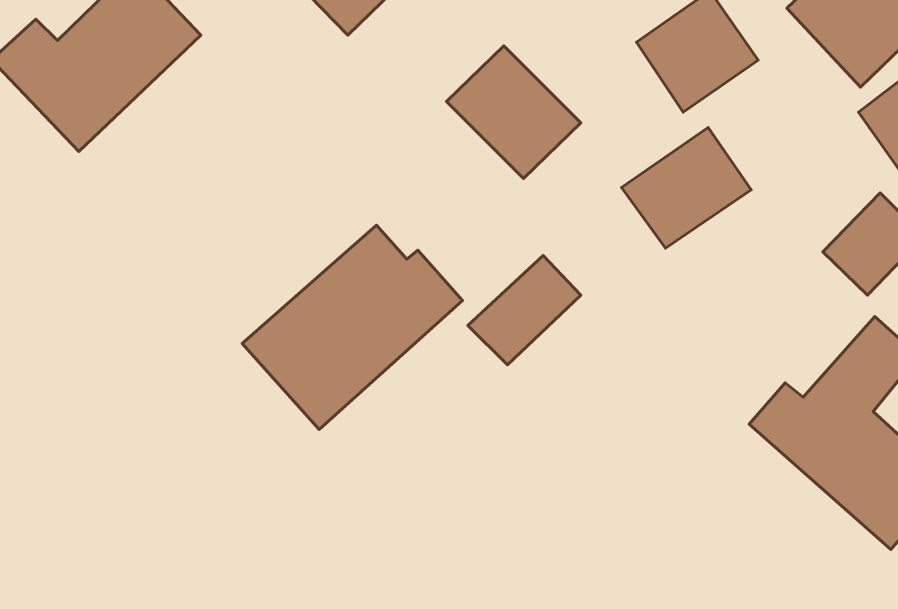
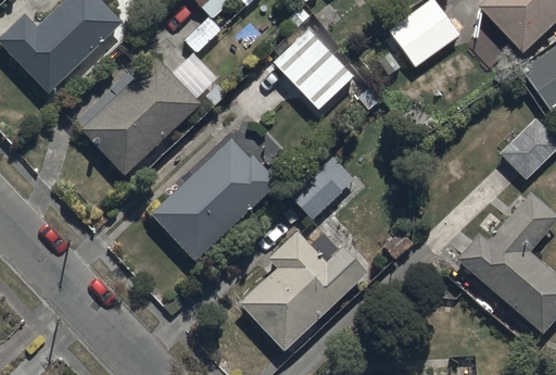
building: none -> [79,52,228,176]
building: [622,127,751,248] -> none
building: none -> [239,230,368,350]

